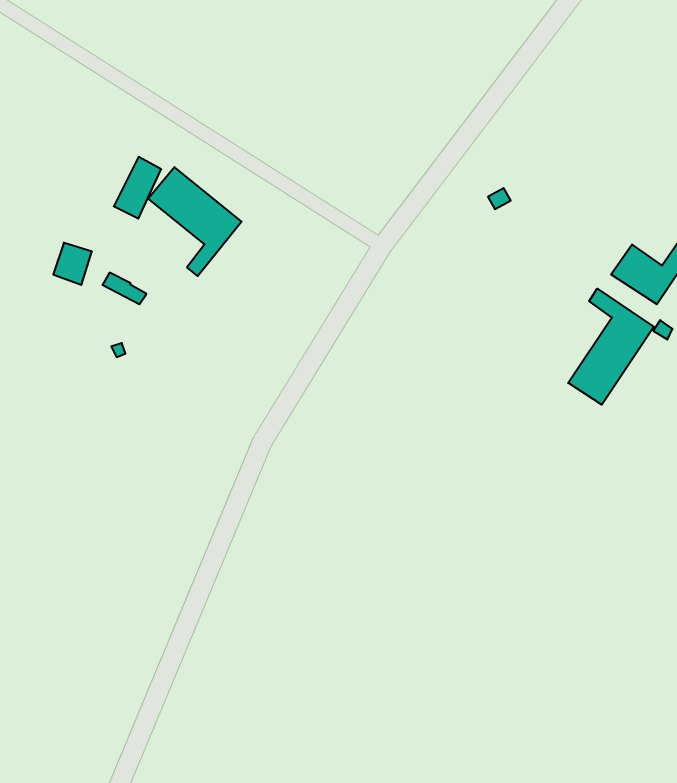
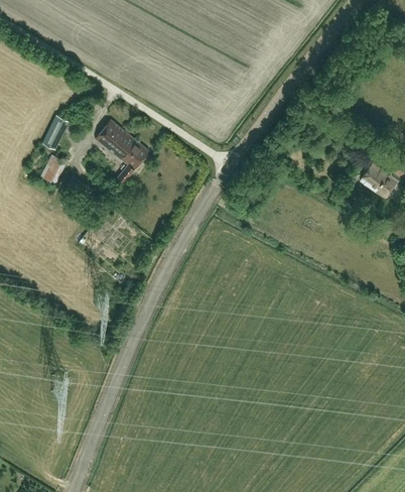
building: [114,157,161,219] -> [41,115,69,150]
building: [568,289,654,405] -> none

